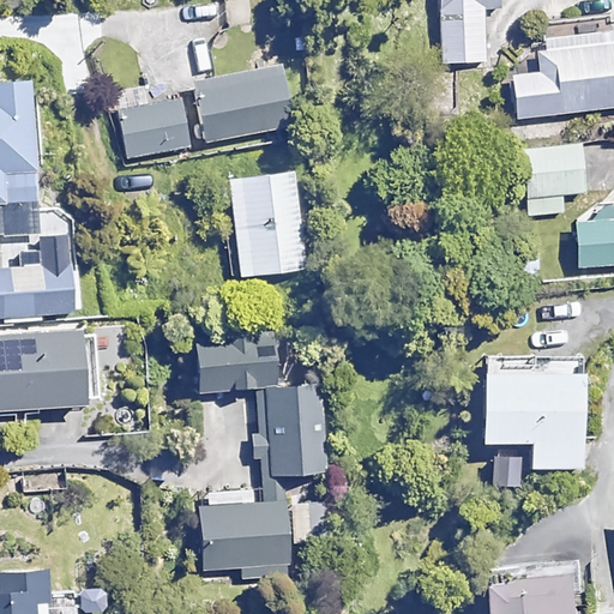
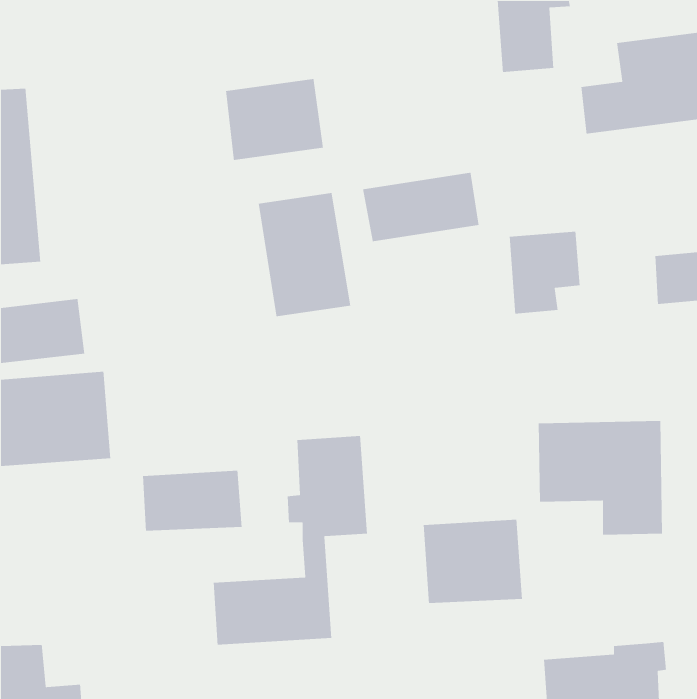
building: [120,100,194,162] -> none
building: [523,145,585,218] -> [509,231,580,315]
building: none -> [362,172,480,242]
building: [185,335,272,389] -> [142,470,242,532]
building: none -> [423,519,523,604]

